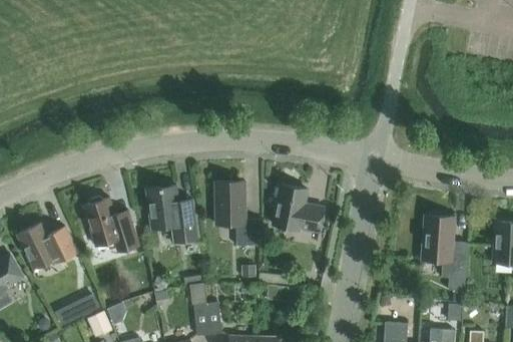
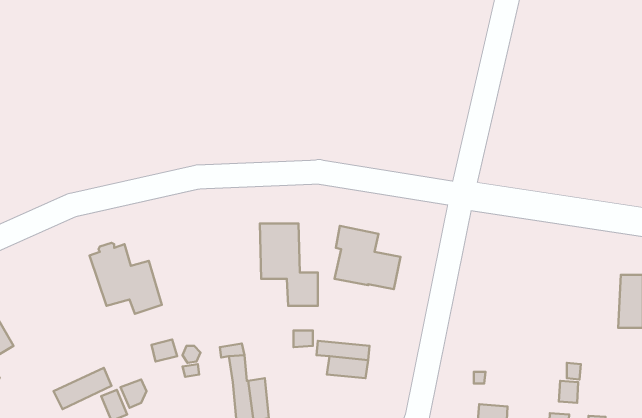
building: [146,185,197,241] -> none
building: [421,211,467,278] -> none
building: [17,222,77,268] -> none

